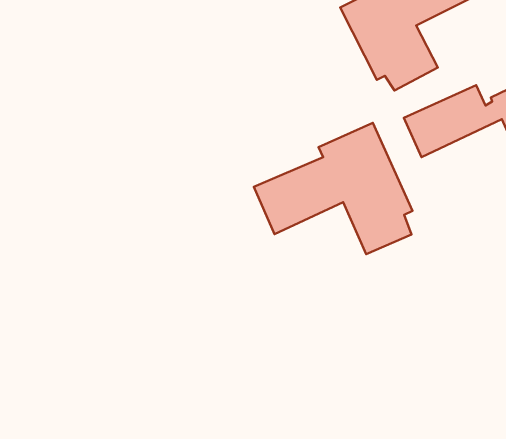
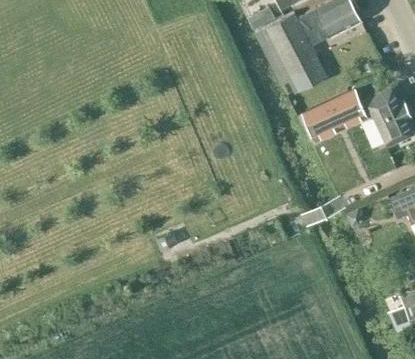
building: [254,123,413,254] -> none

